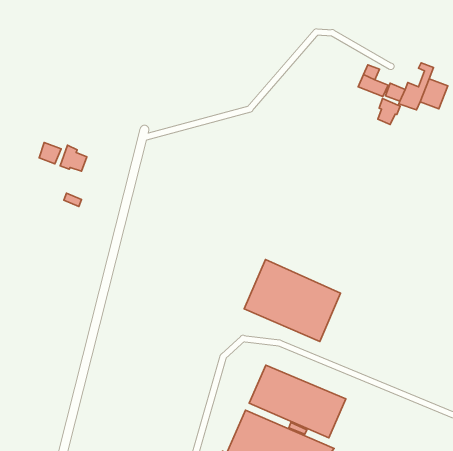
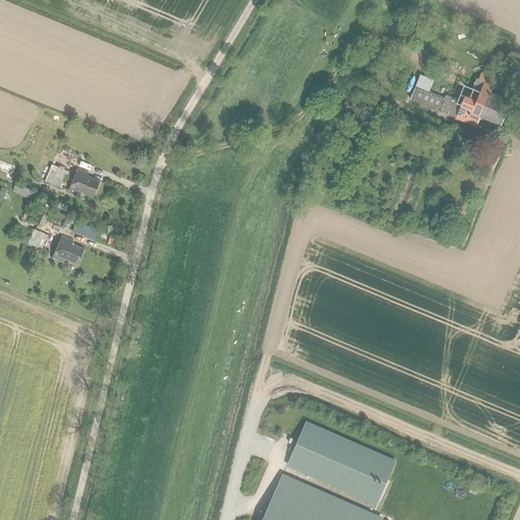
building: [378,98,400,124] -> none
building: none -> [52,237,84,266]
building: [244,260,341,342] -> none

